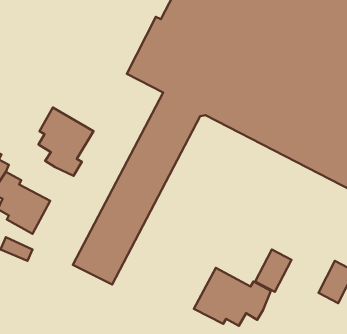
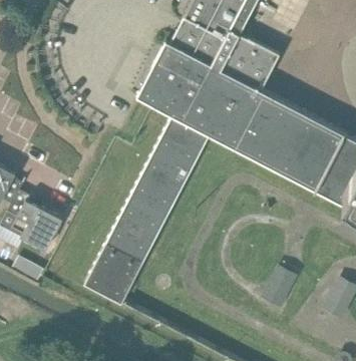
building: [39,108,94,176] -> none
building: [194,268,271,326] -> none

